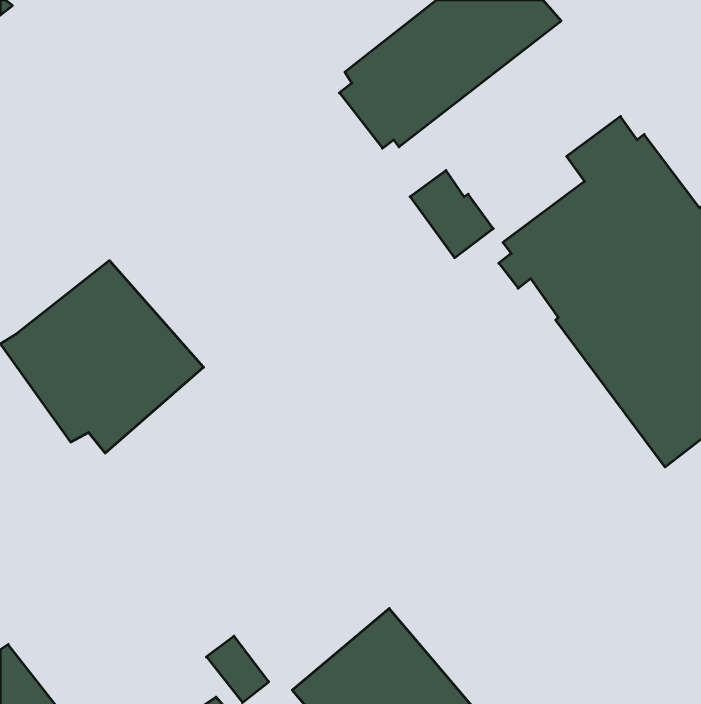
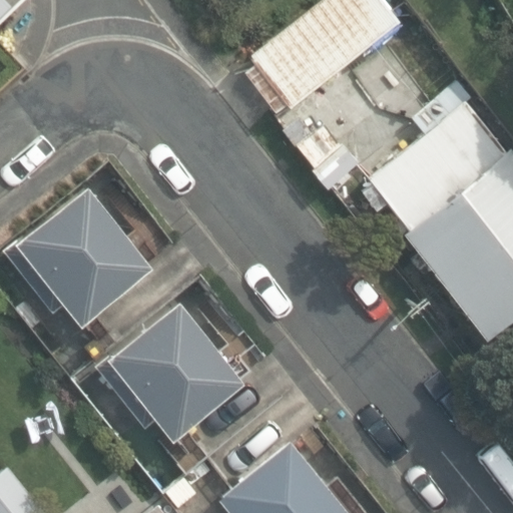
building: none -> [96,303,245,441]

